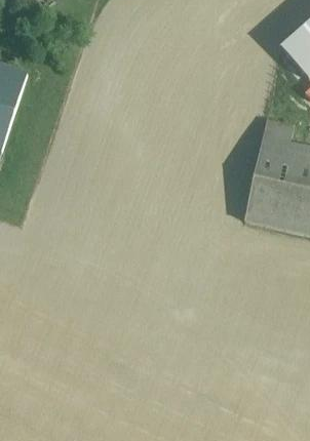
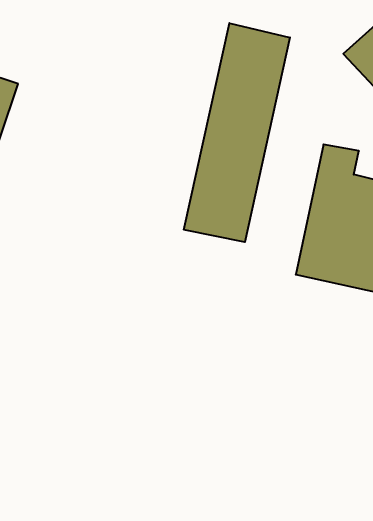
building: none -> [184,23,290,242]

